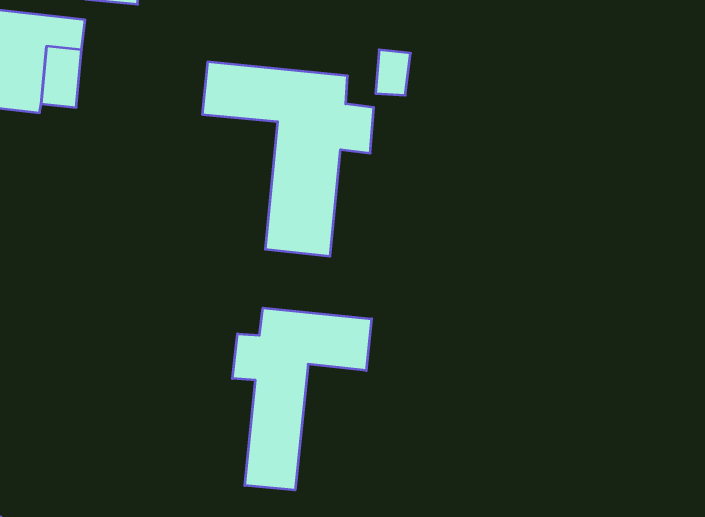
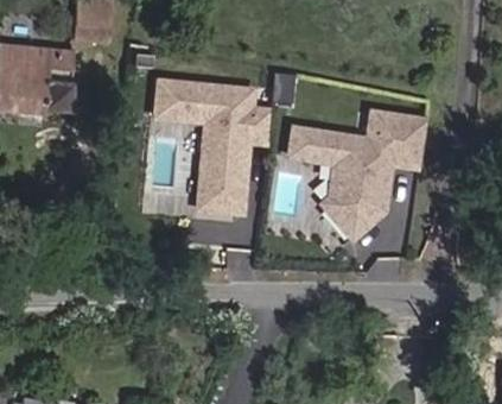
building: none -> [296,116,427,241]
building: [232,308,372,490] -> none

